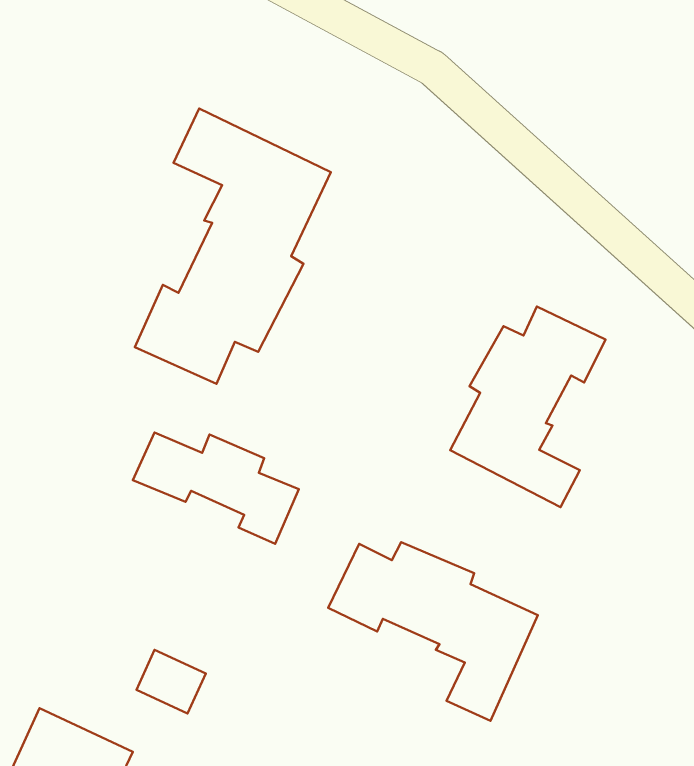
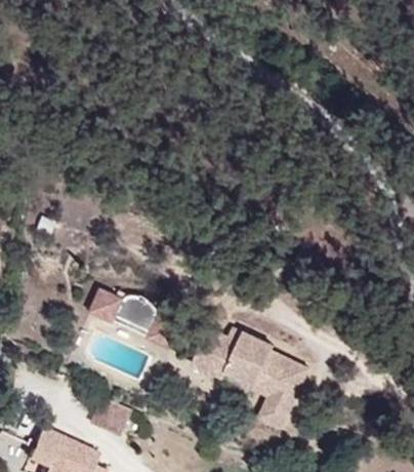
building: [135,108,331,384] -> none
building: [450,306,605,507] -> none

